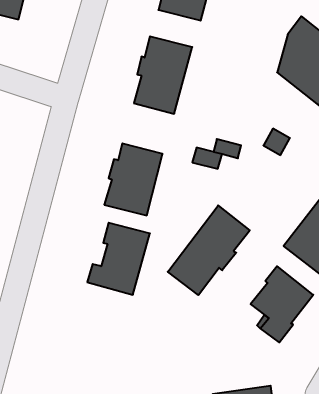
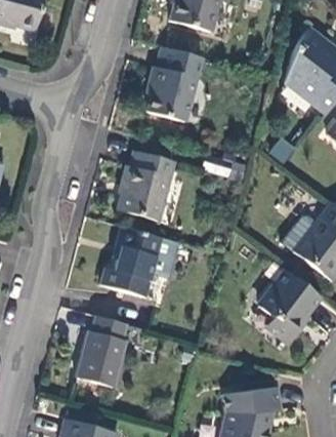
building: [168,205,250,295] -> none
building: none -> [75,315,127,388]

